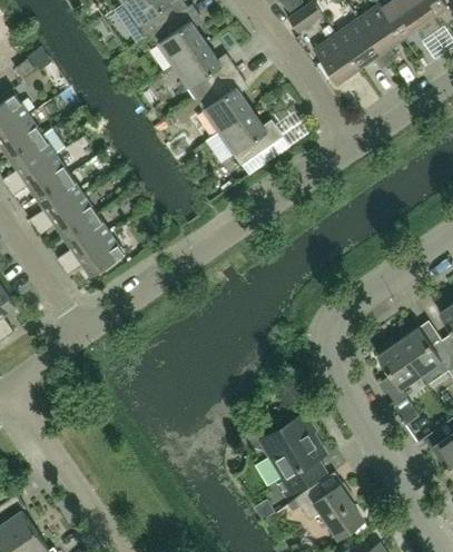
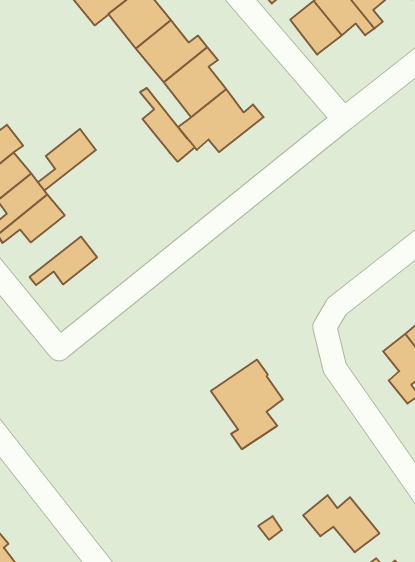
building: none -> [140,88,195,162]
building: [56,213,110,266] -> [38,129,96,190]
building: [260,415,325,495] -> [211,360,283,449]

